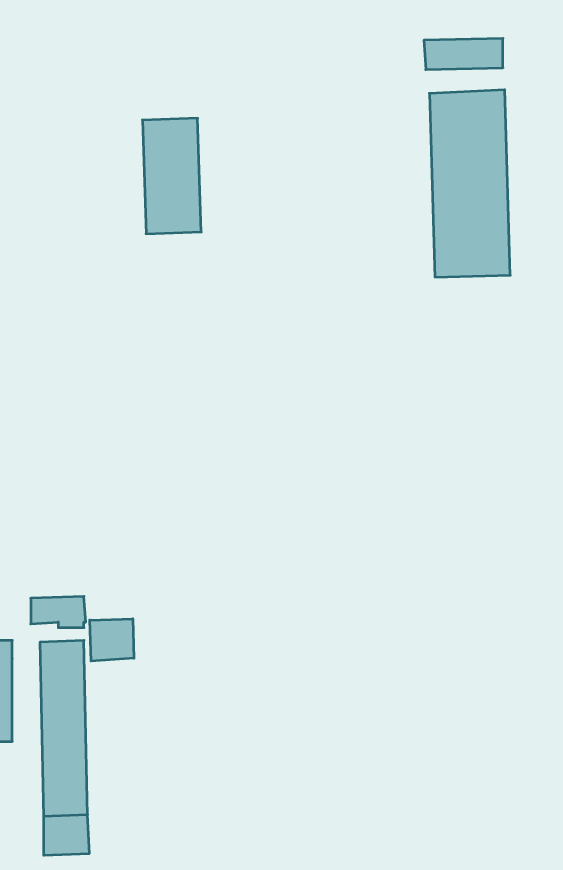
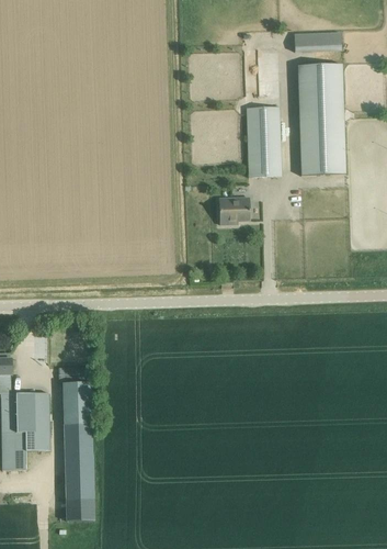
building: [142,118,201,234] -> [246,108,281,177]
building: none -> [219,197,250,224]
building: [90,619,134,661] -> none

